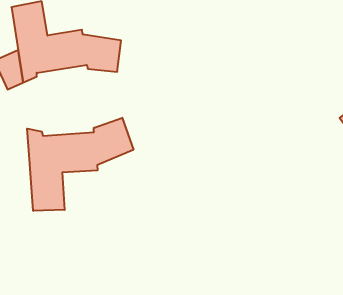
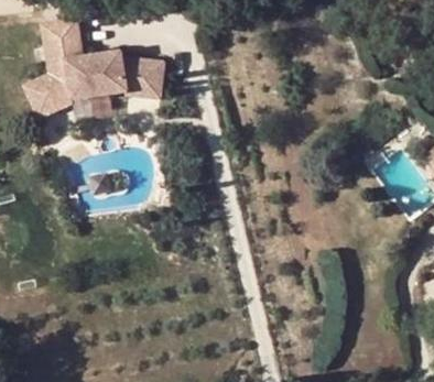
building: [27,118,133,211] -> none

